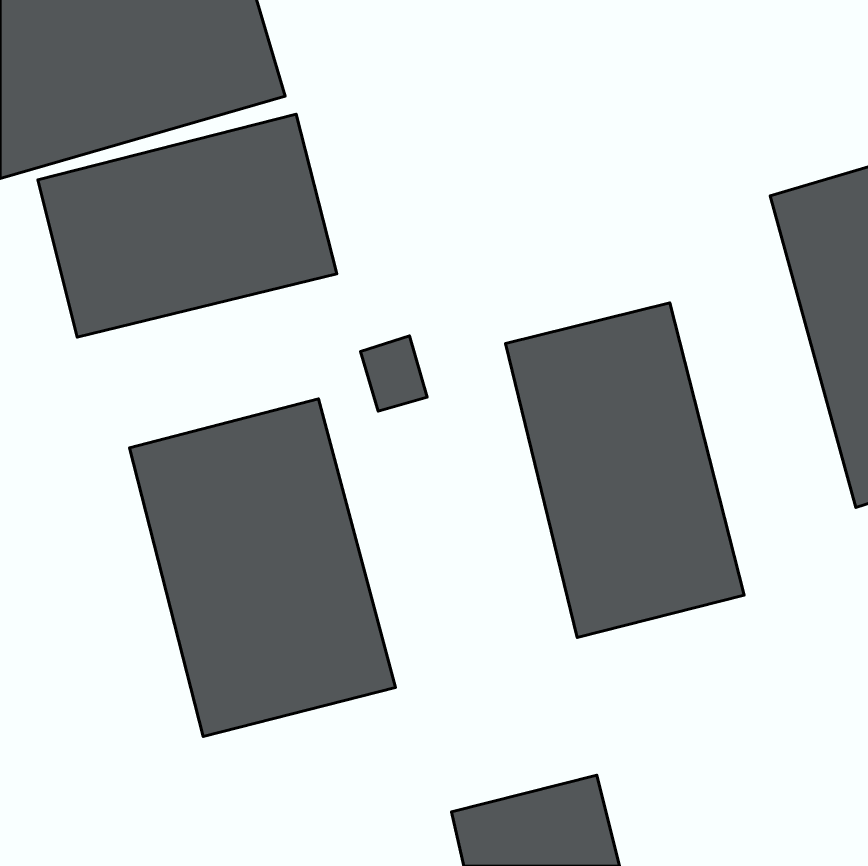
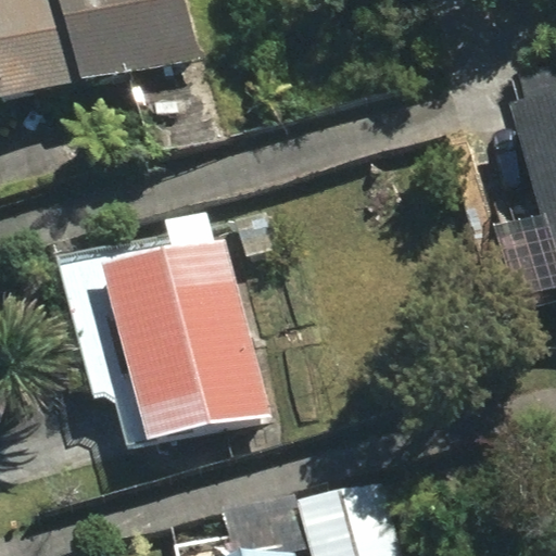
building: [38,114,337,337] -> none
building: [505,303,744,638] -> none

